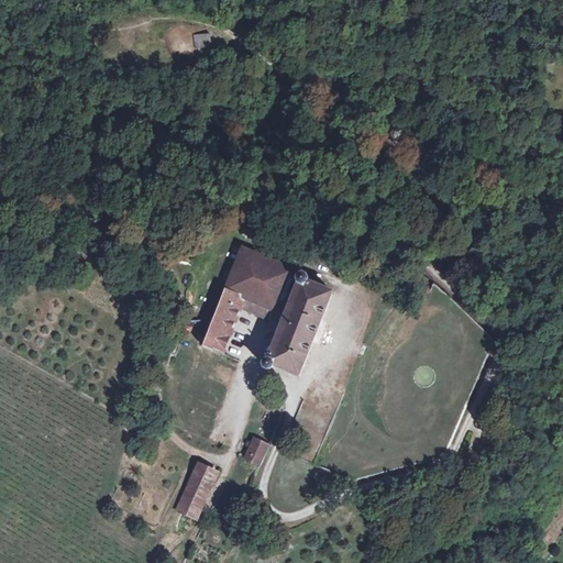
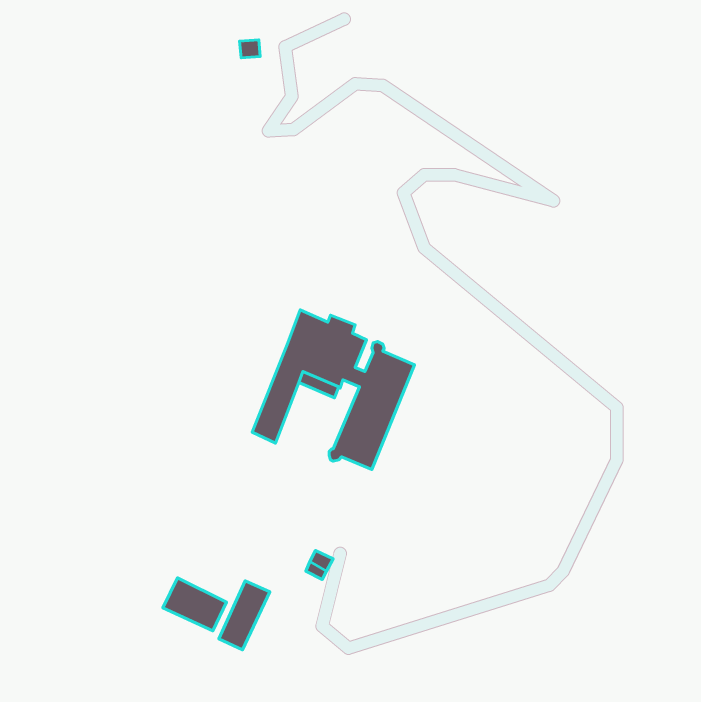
building: none -> [163,578,226,631]

